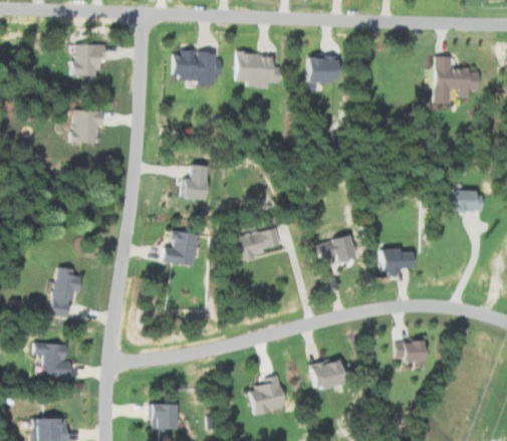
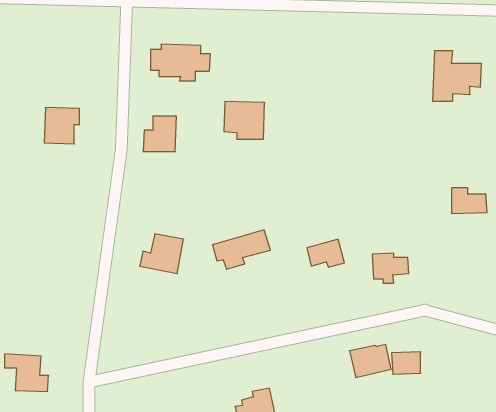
building: [68,45,105,77] -> none
building: [235,53,273,88] -> [224,102,265,139]
building: [303,58,337,91] -> none
building: [179,165,210,198] -> [143,116,176,152]
building: [50,266,78,317] -> none
building: [307,358,346,389] -> [349,344,391,378]

